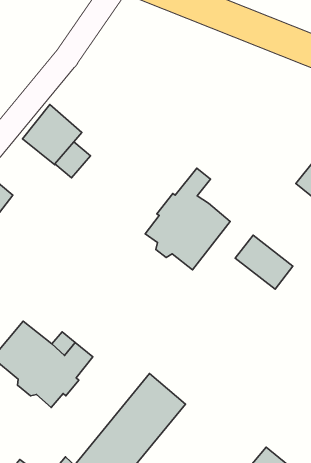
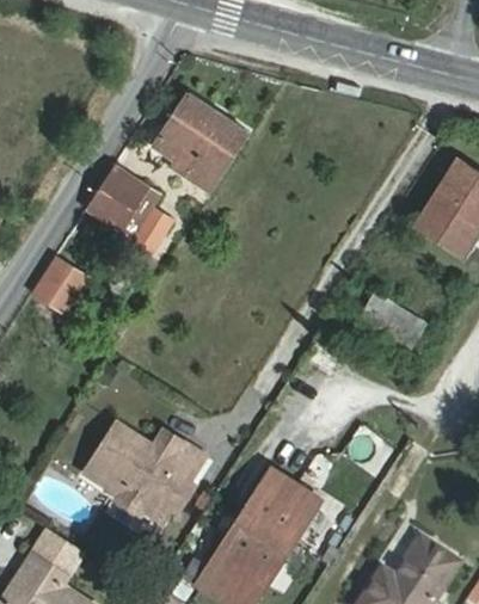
building: none -> [153,93,247,191]
building: [145,168,230,270] -> none

